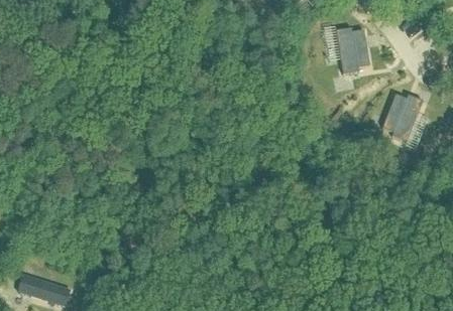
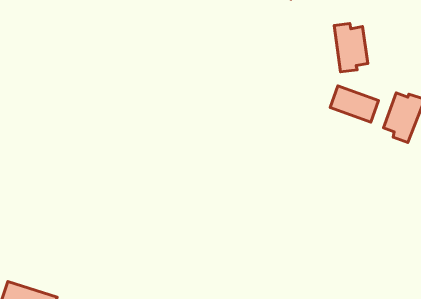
building: none -> [330,86,378,122]

